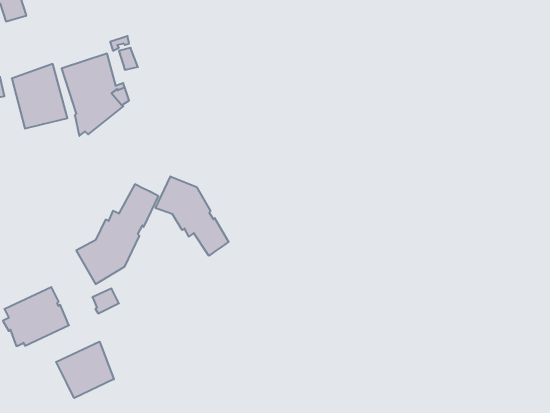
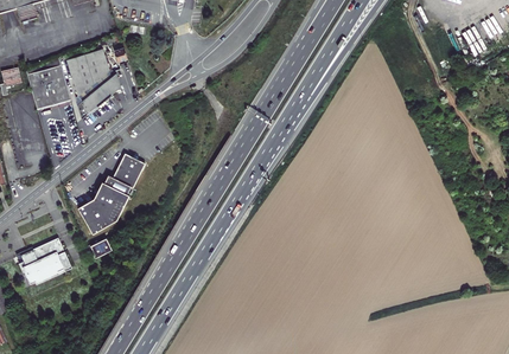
building: [156,176,229,256] -> none
building: [56,342,114,398] -> none

